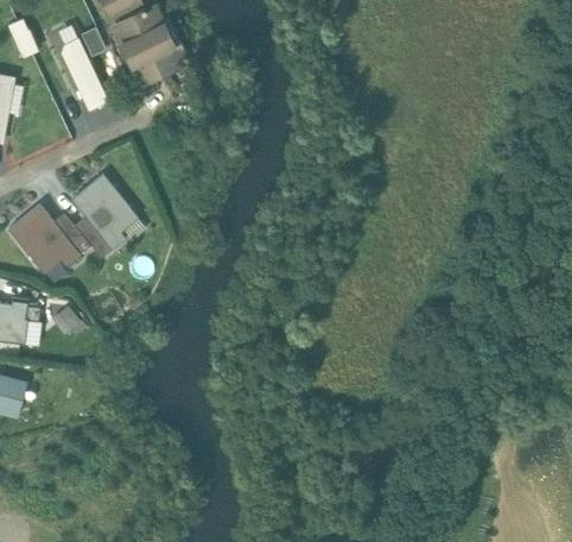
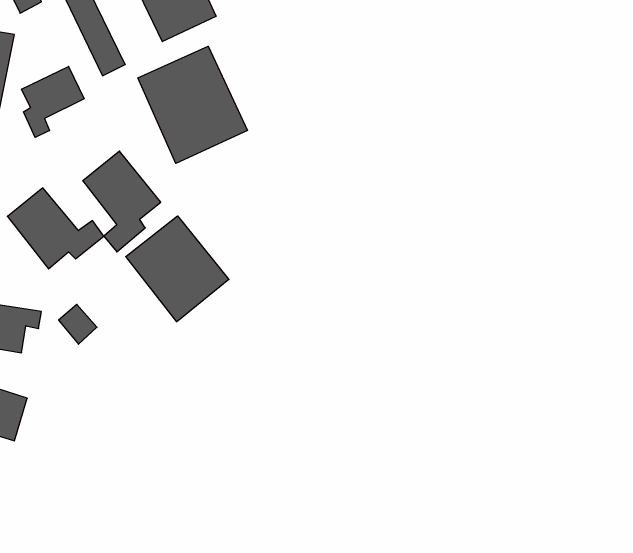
building: none -> [138,46,247,163]
building: none -> [22,66,84,137]
building: none -> [126,216,229,322]

